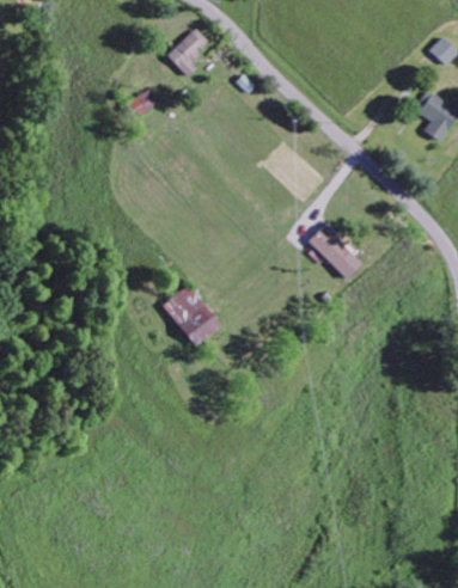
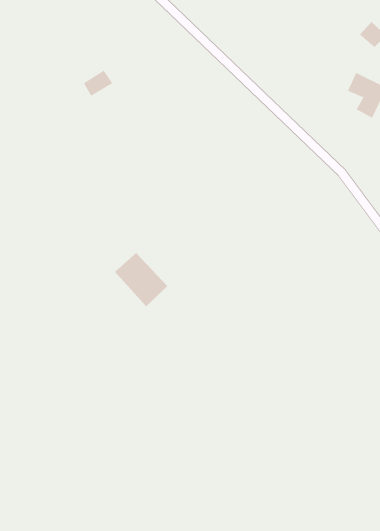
building: [169,27,212,76] -> none
building: [309,225,361,280] -> none

